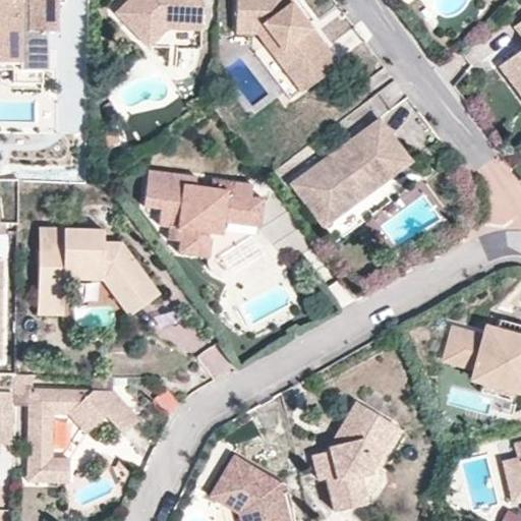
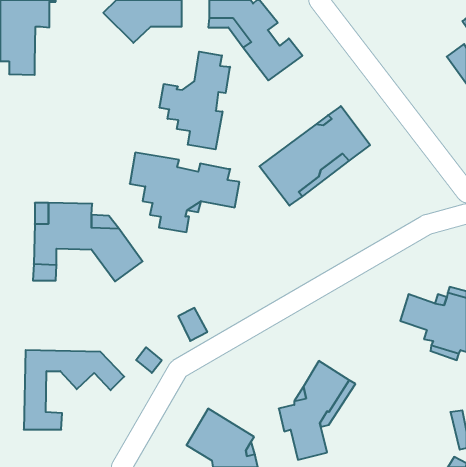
building: none -> [160,52,230,149]

